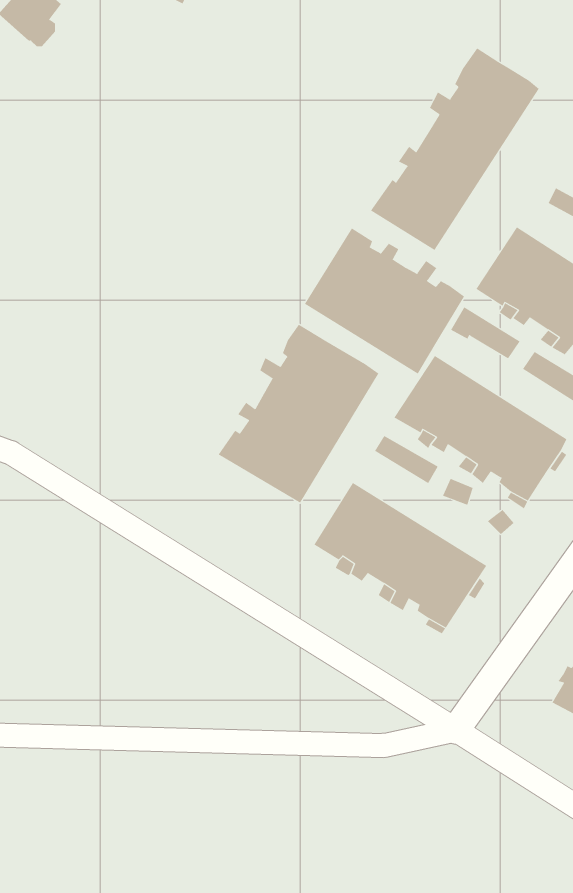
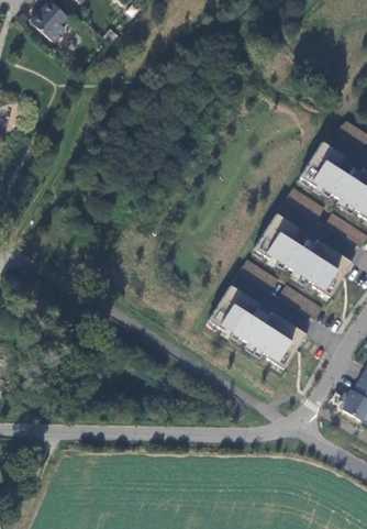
building: [370,48,540,251] -> none
building: [304,228,465,375] -> none
building: [218,324,379,503] -> none

